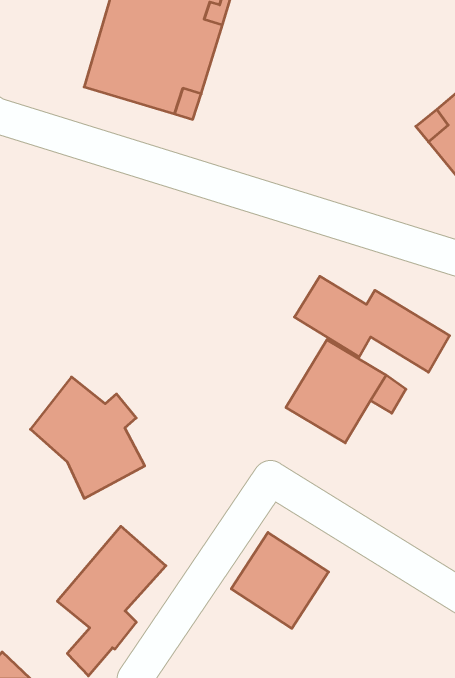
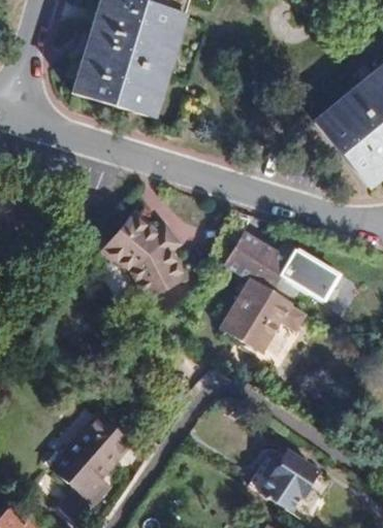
building: [30,377,145,498] -> [104,212,188,301]
building: [231,532,329,628] -> [261,450,332,520]

